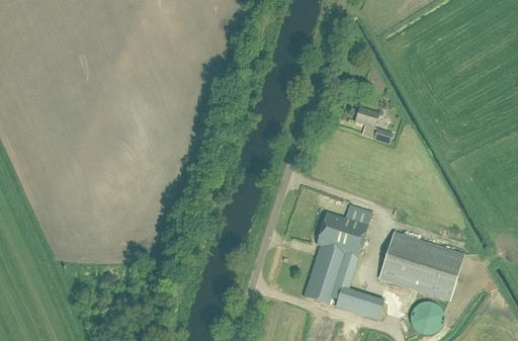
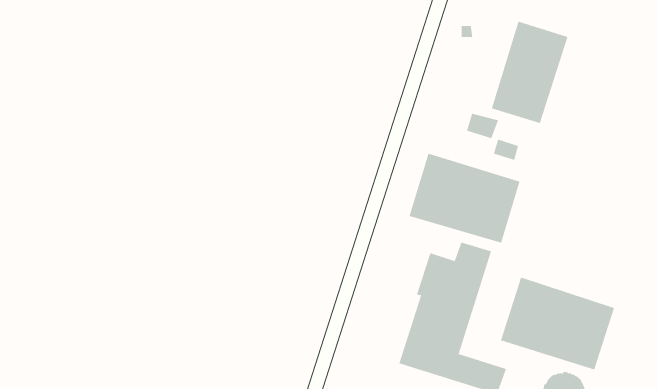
building: none -> [491,21,568,124]
building: none -> [409,153,520,244]

